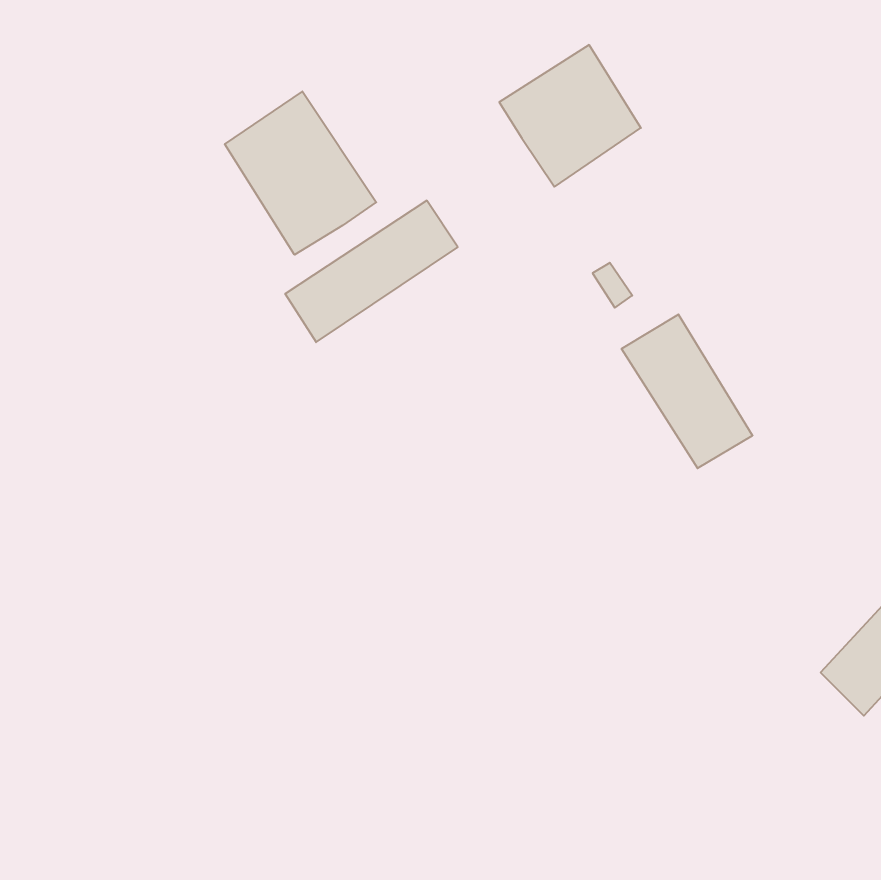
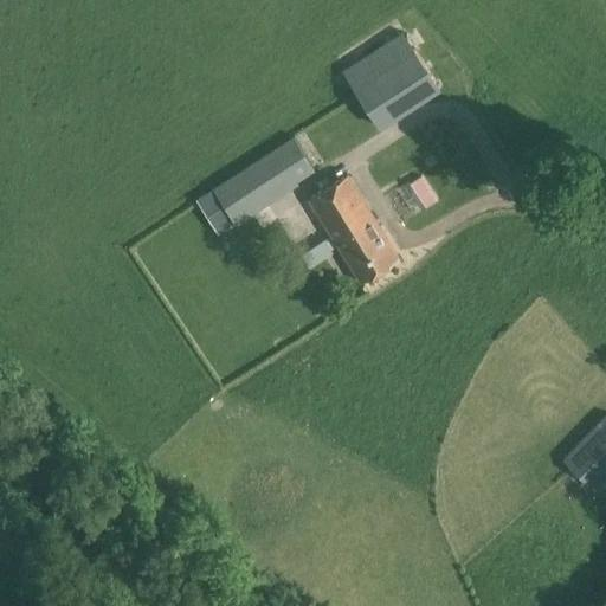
building: [225,91,376,255] -> none
building: [621,314,753,468] -> [309,176,399,282]

